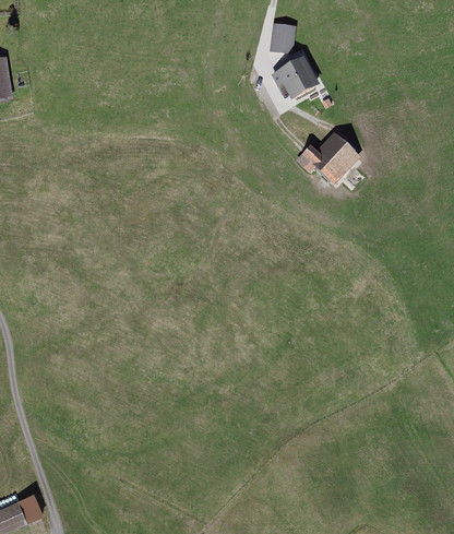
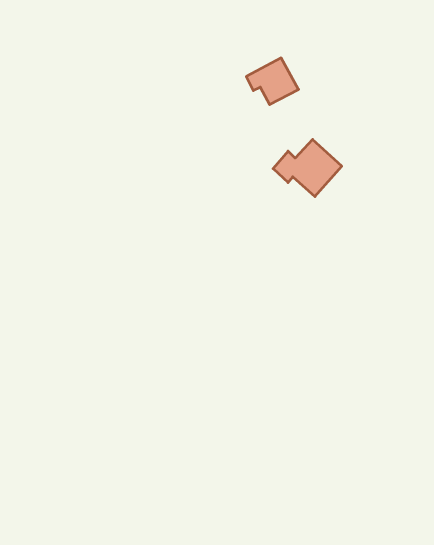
building: [270,23,297,54] -> none

